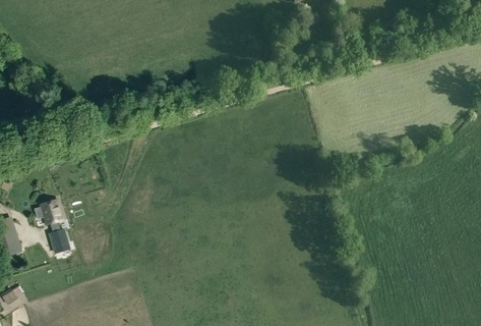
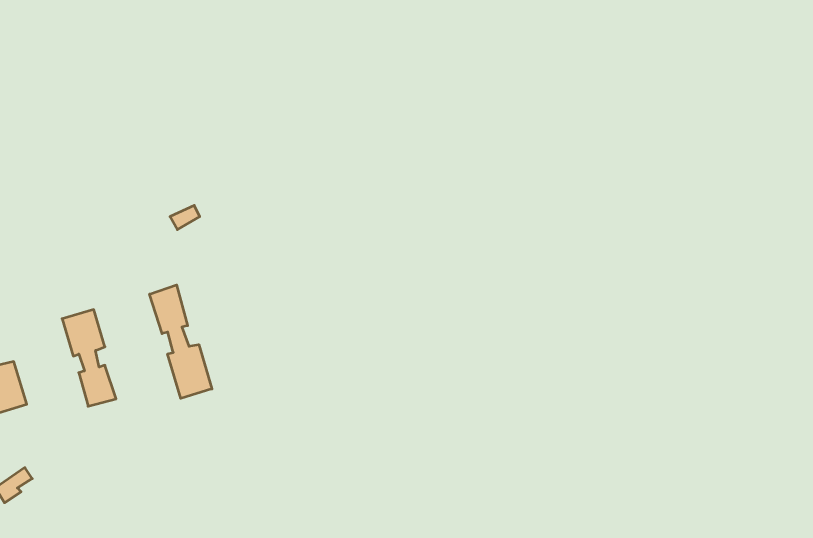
building: none -> [150,285,212,398]

